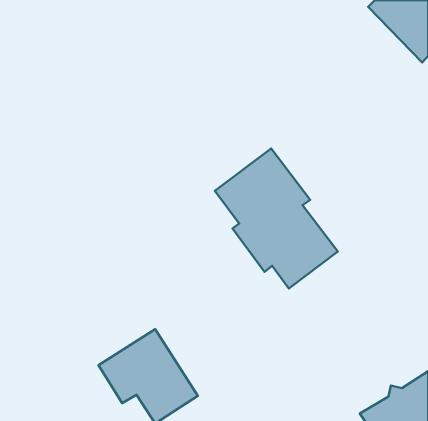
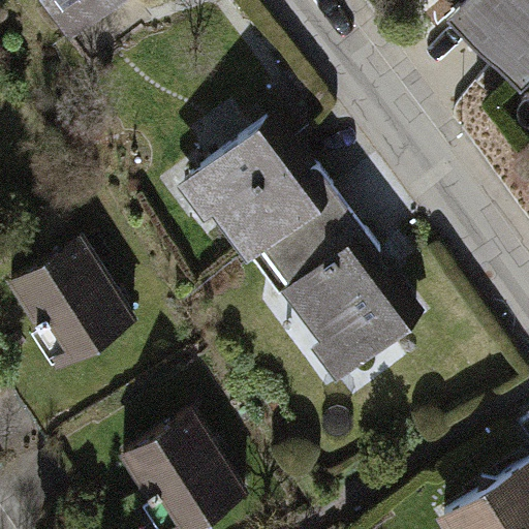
building: none -> [197,124,333,258]
building: none -> [9,242,131,359]

